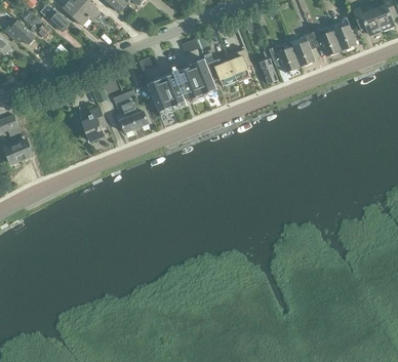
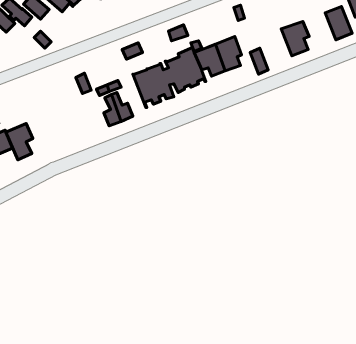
building: [310,26,342,57] -> none
building: [268,41,300,73] -> none
building: [79,108,105,143] -> [6,123,33,160]

